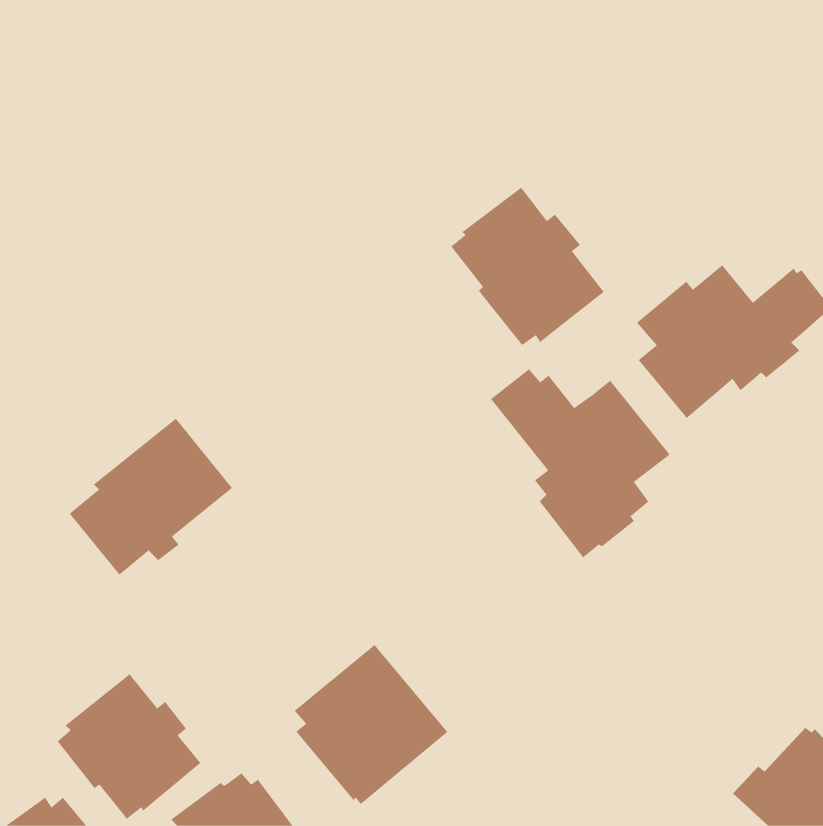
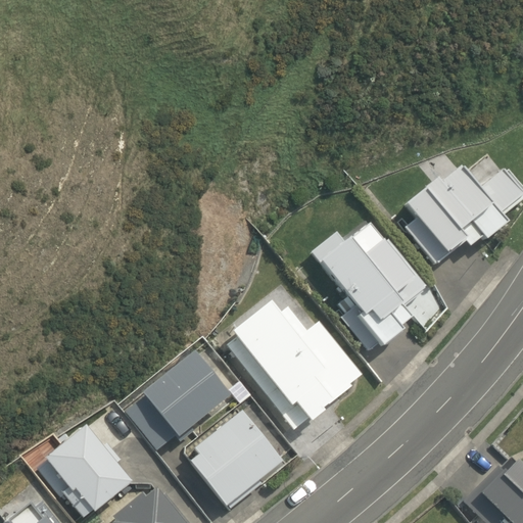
building: [450,187,605,346] -> none
building: [69,418,233,575] -> [127,350,230,449]
building: none -> [231,308,360,424]

